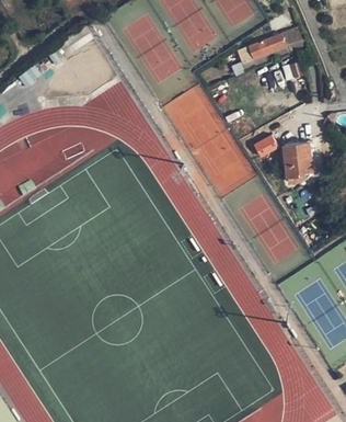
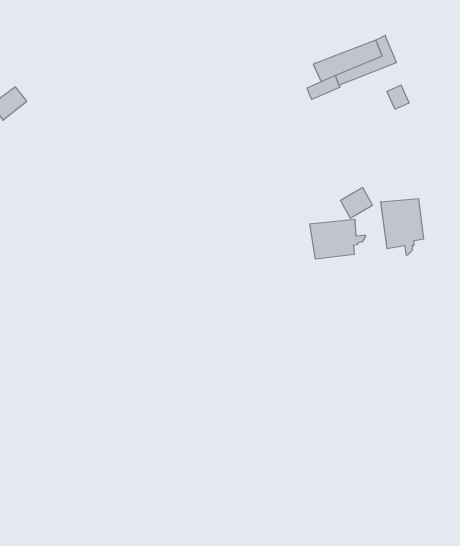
building: none -> [310,219,365,259]

